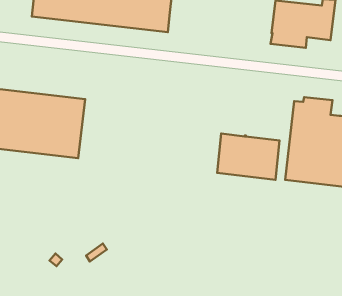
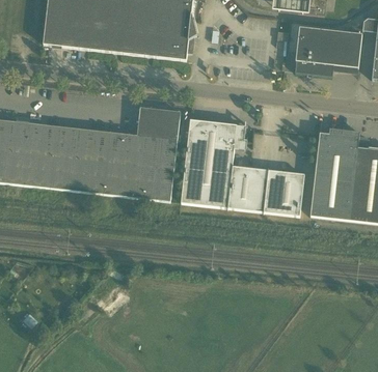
building: none -> [91,106,180,200]
building: none -> [181,118,246,207]

